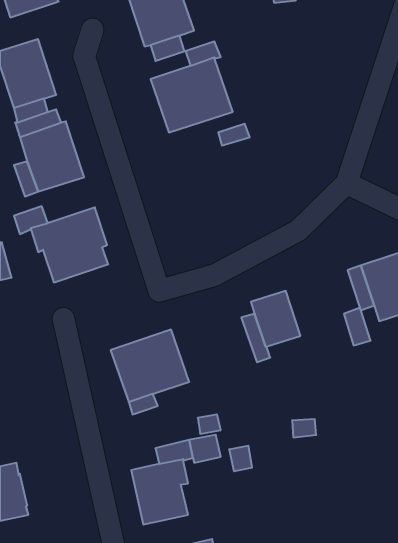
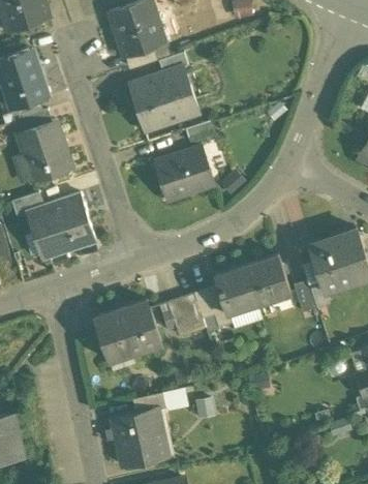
building: none -> [155,146,216,201]
building: none -> [245,254,290,304]
building: none -> [168,293,206,336]

